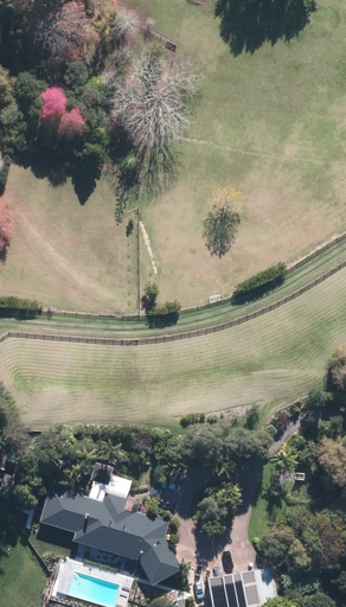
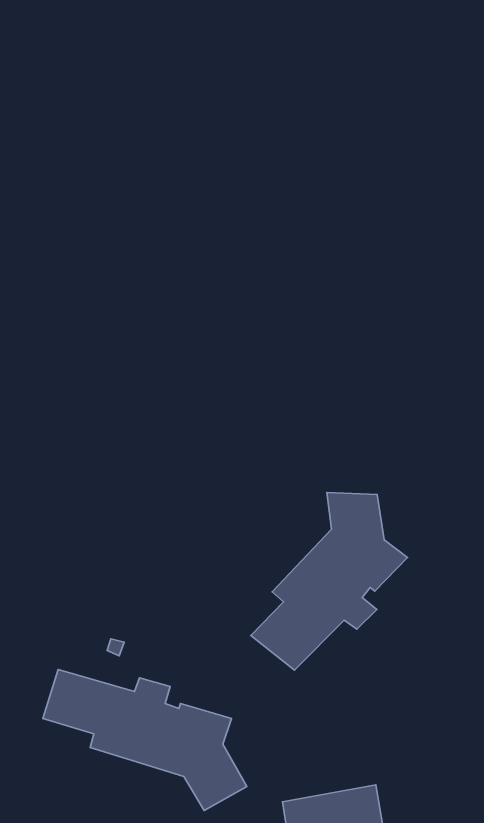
building: none -> [251,492,407,670]

